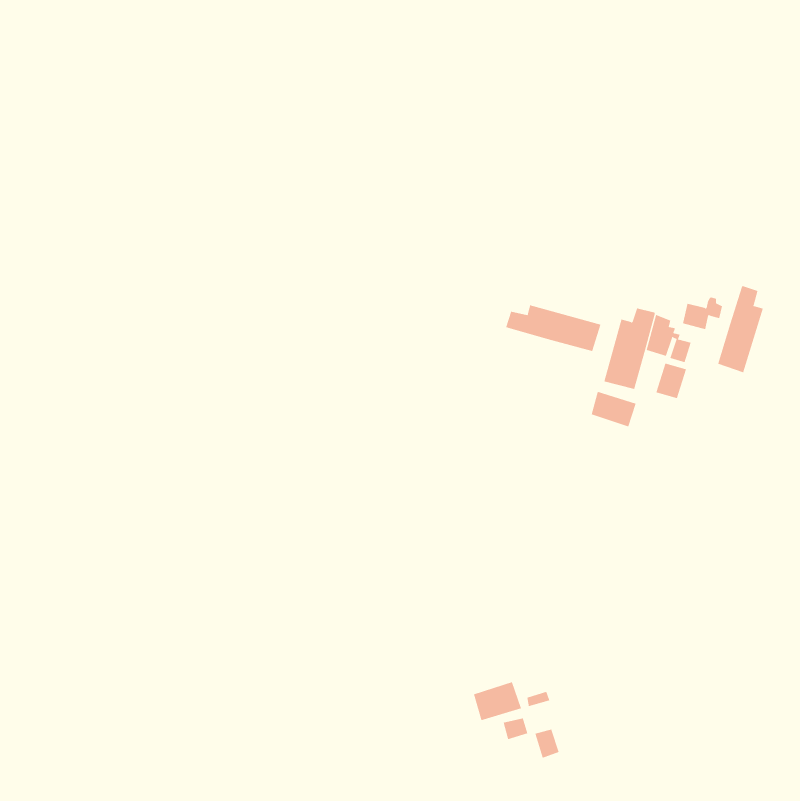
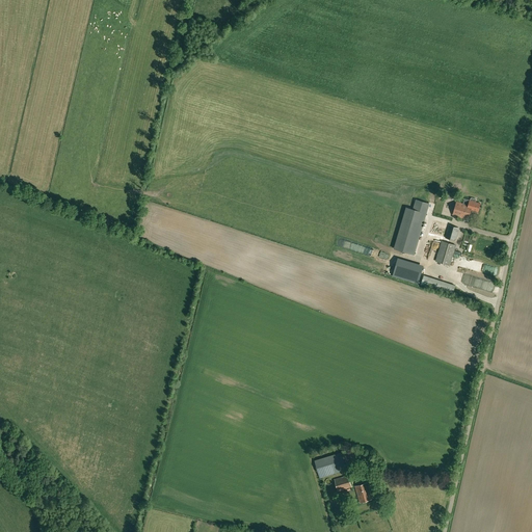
building: [717,285,763,373] -> none
building: [506,305,601,352] -> none

